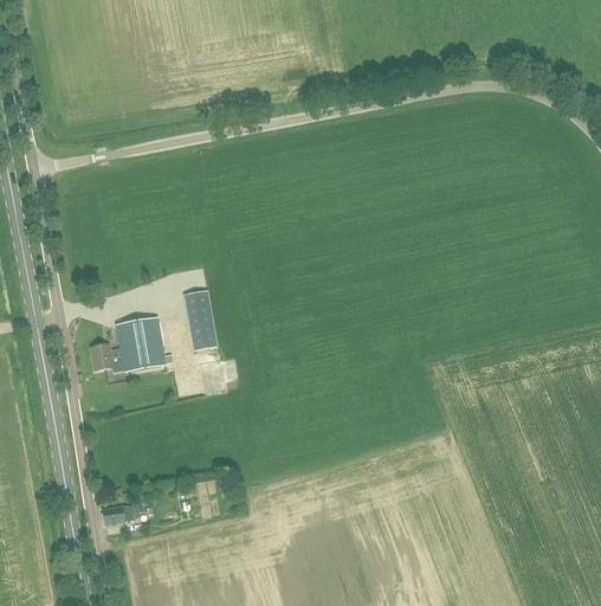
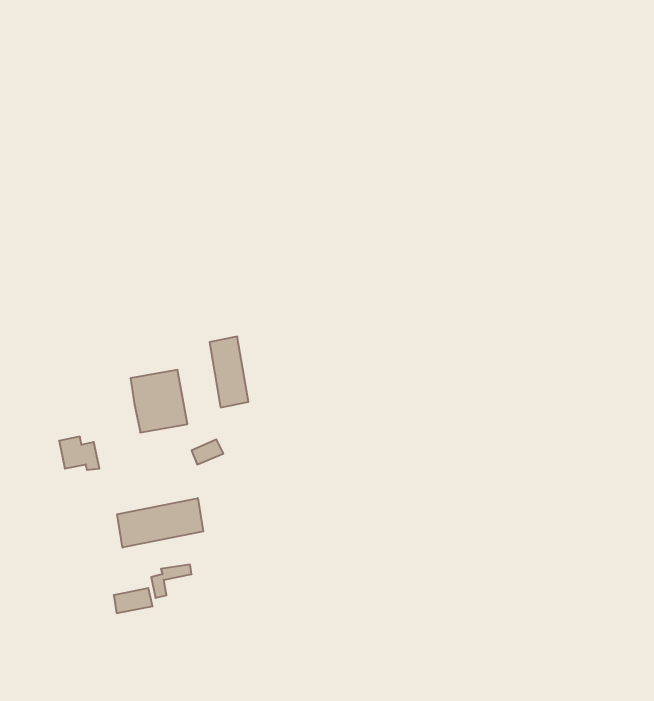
building: [90,342,124,370] -> [59,437,99,470]
building: none -> [117,498,203,548]

